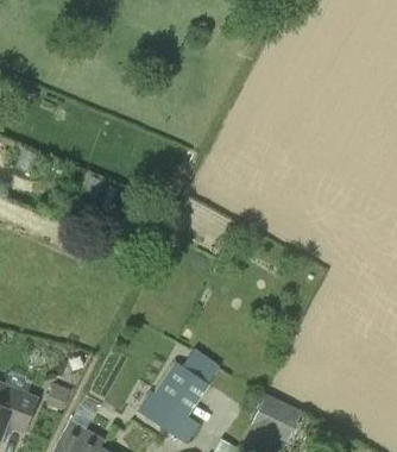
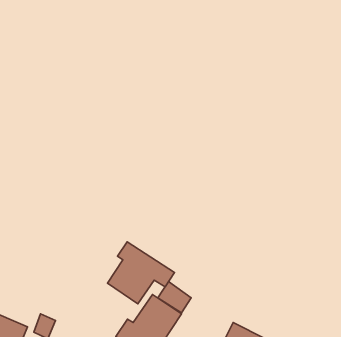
building: none -> [108,242,175,304]

